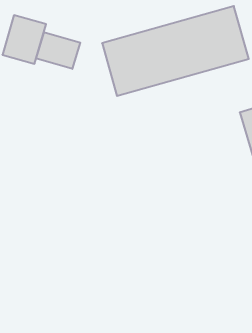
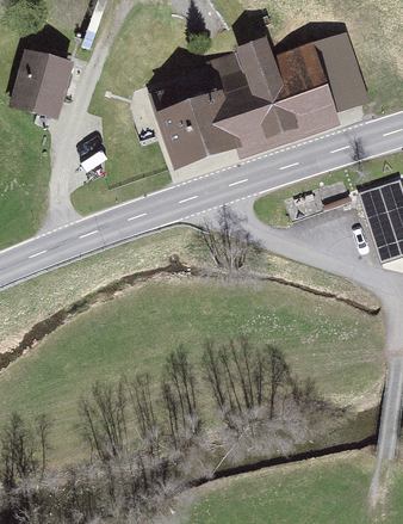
building: [36,32,80,69] -> none

